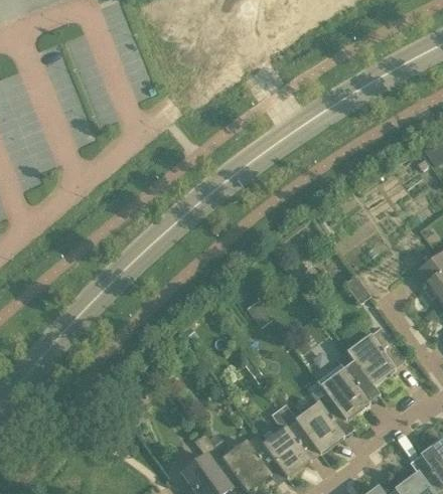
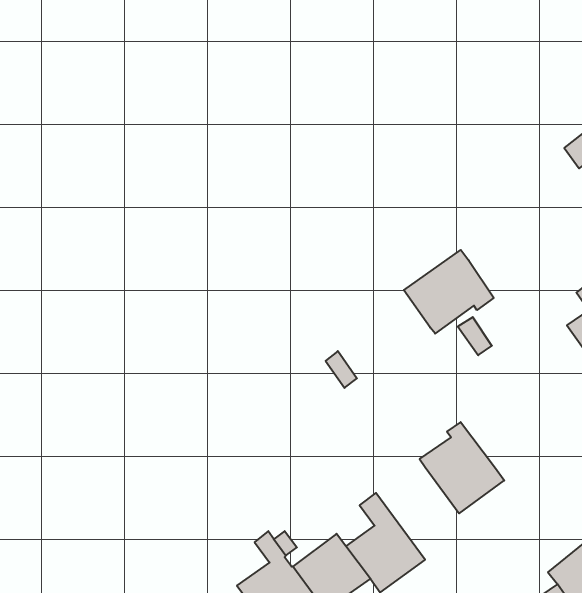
building: none -> [404,250,494,334]
building: [345,328,403,385] -> none
building: [283,385,351,454] -> none

